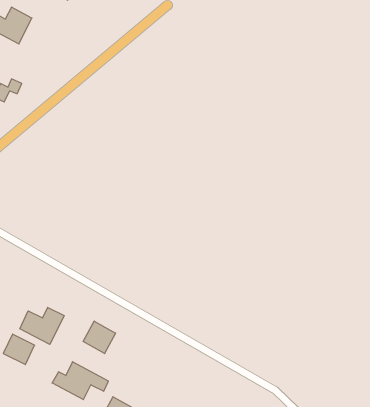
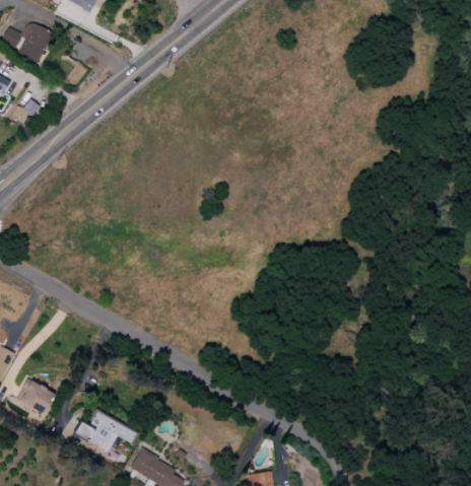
building: [20,307,64,344] -> none
building: [83,321,116,354] -> none

